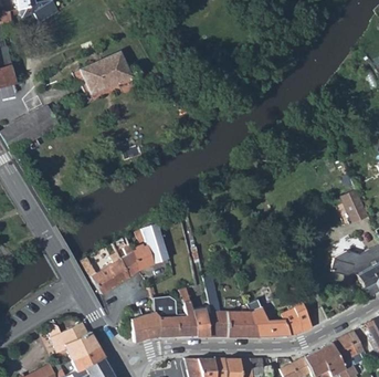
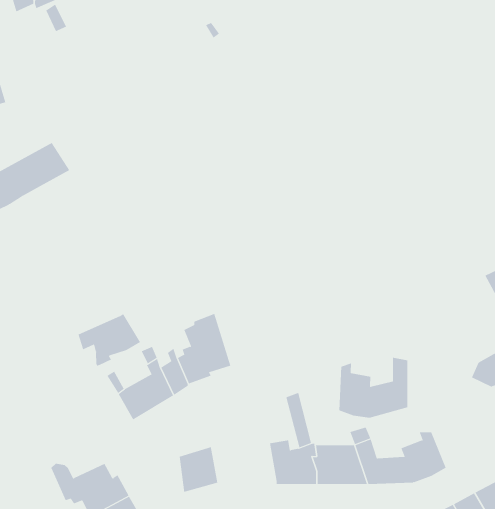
building: [81,45,130,88] -> none
building: none -> [78,313,141,367]
building: none -> [339,357,408,419]
building: [152,287,198,335] -> none

